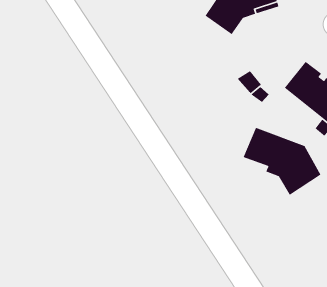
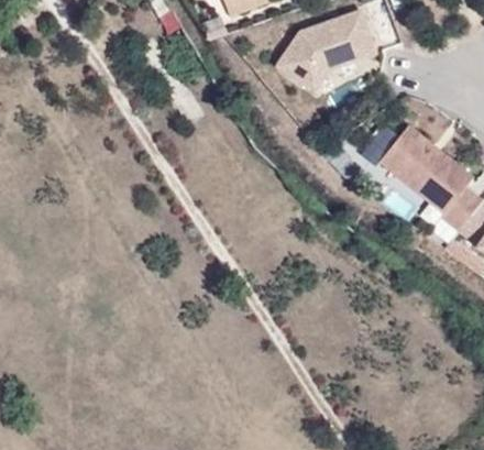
building: [243,127,322,196] -> none

